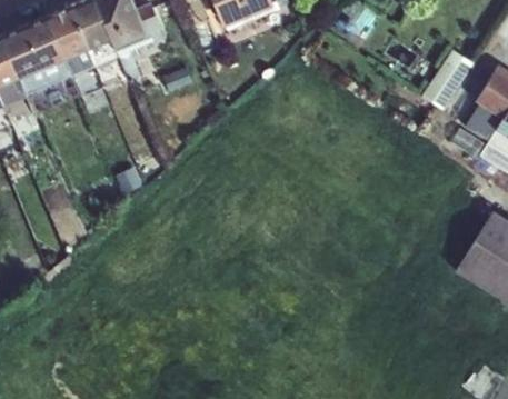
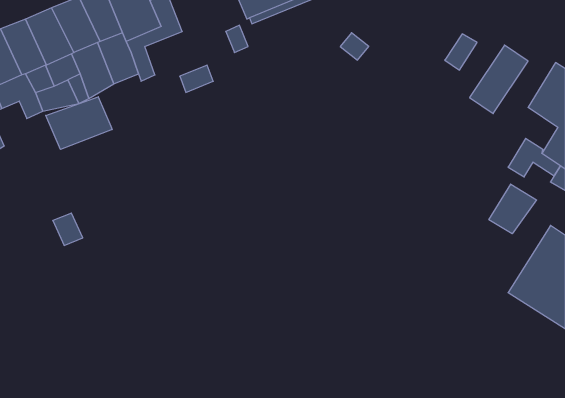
building: none -> [46,97,112,149]
building: none -> [489,184,537,234]

